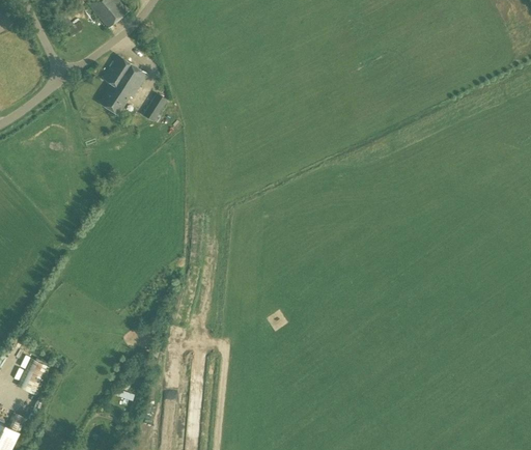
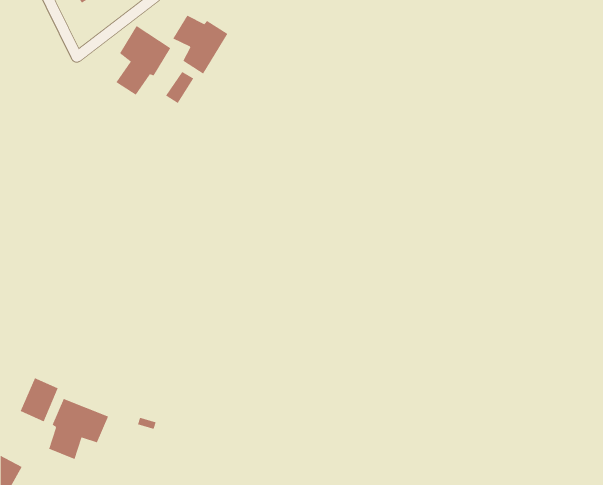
building: none -> [173,15,228,74]
building: none -> [48,398,109,460]

